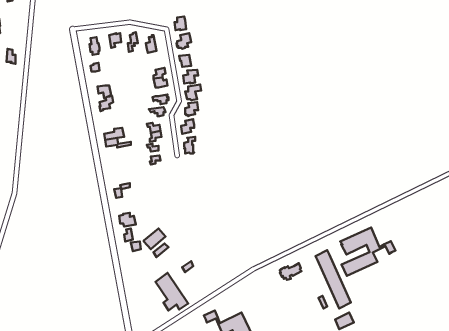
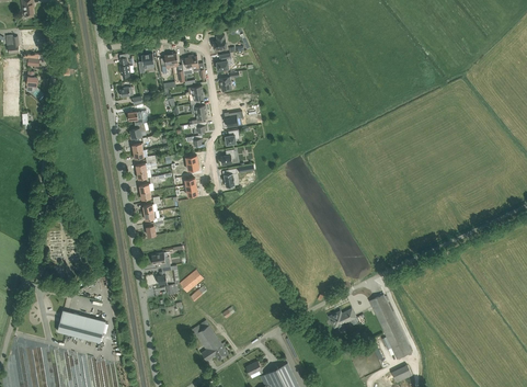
building: [340,228,395,276] -> none
building: none -> [58,310,106,343]

